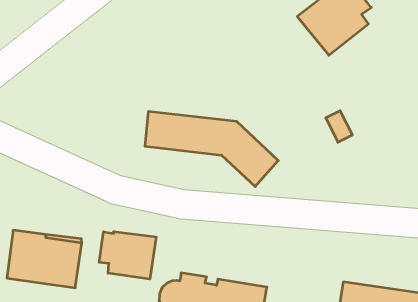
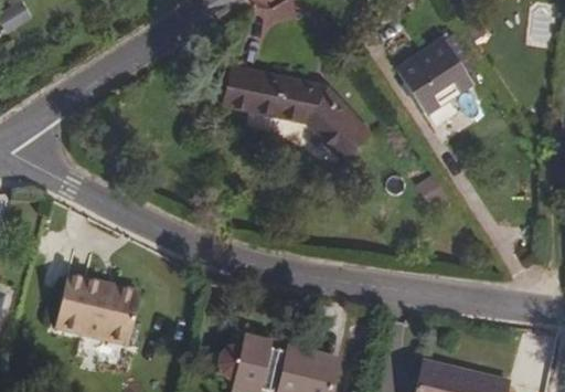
building: [145,112,278,187] -> [224,66,369,158]
building: [99,232,156,279] -> none

